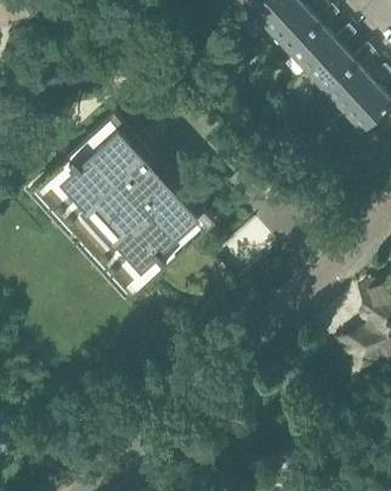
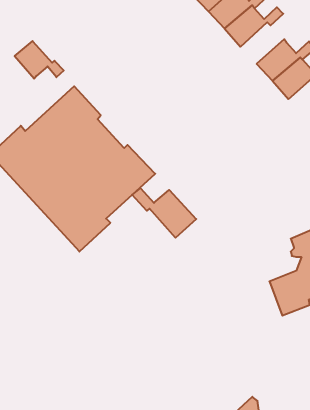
building: [308,44,376,91] -> none
building: none -> [15,41,64,79]
building: none -> [132,188,196,238]

